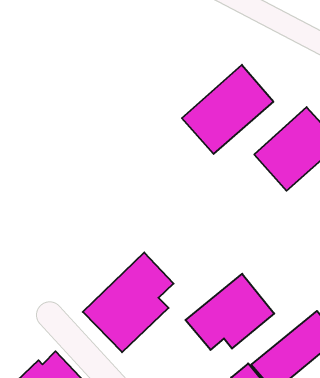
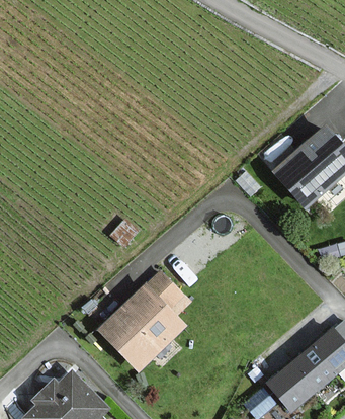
building: [182,65,273,154] -> none
building: [185,274,274,350] -> none

